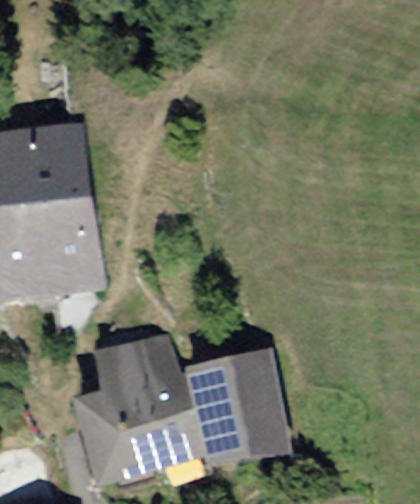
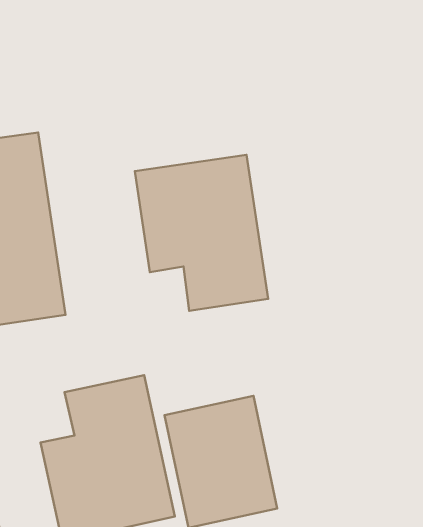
building: none -> [135,155,268,311]

